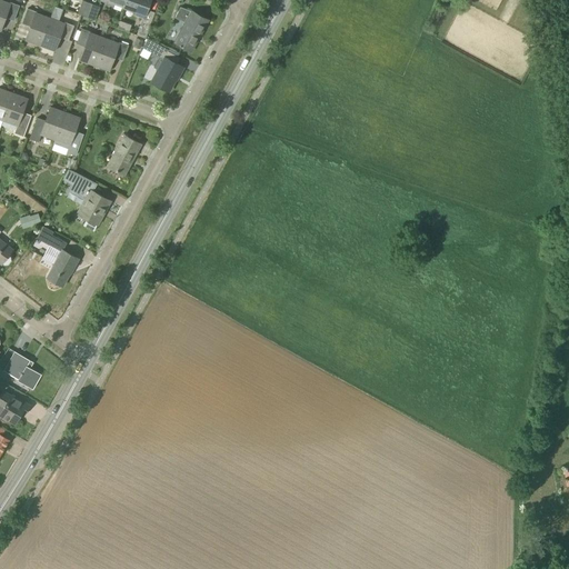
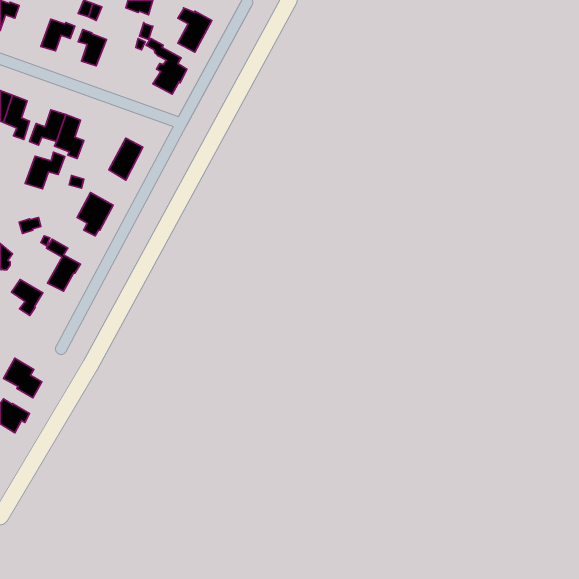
building: [22,9,50,46] -> none
building: [94,39,128,70] -> none
building: none -> [25,152,65,189]
building: none -> [11,279,43,316]

